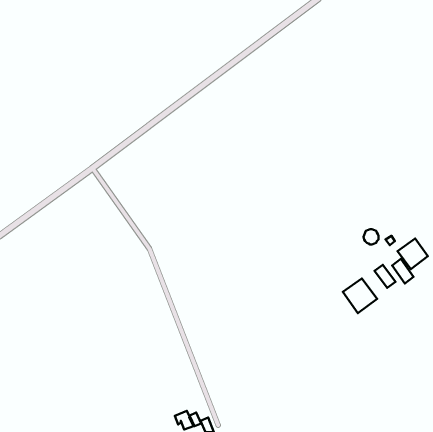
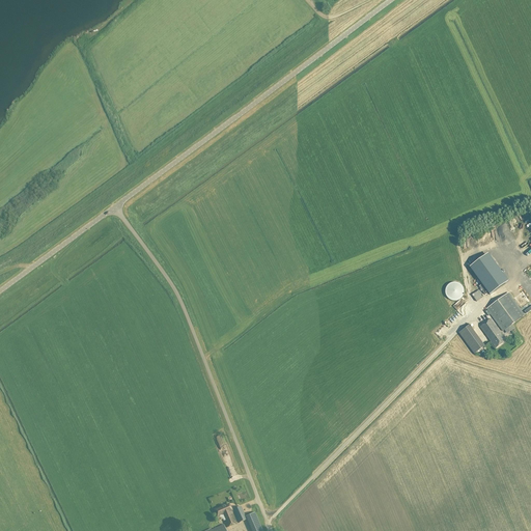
building: none -> [469,251,507,292]
building: [343,278,377,313] -> none

